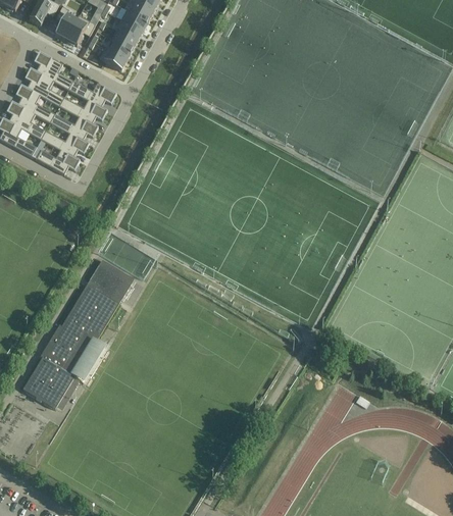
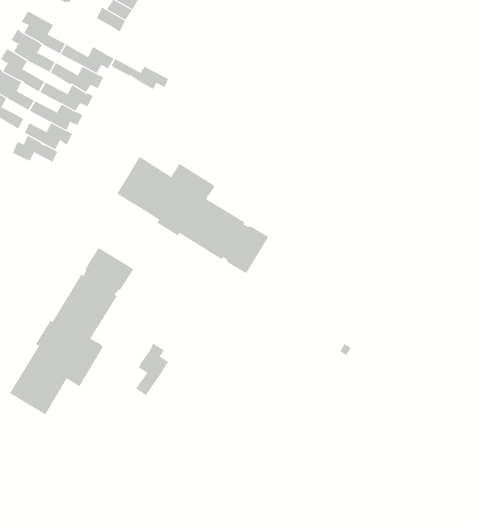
building: none -> [110,58,169,90]
building: none -> [12,135,58,163]
building: none -> [116,156,269,274]
building: none -> [135,343,169,396]

